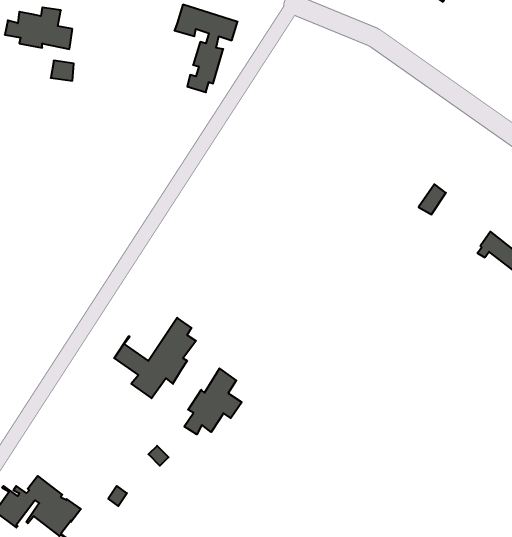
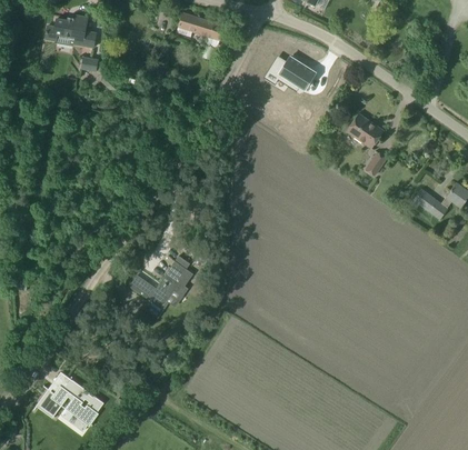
building: none -> [268,53,315,87]
building: none -> [346,112,384,148]
building: [184,368,242,434] -> none

